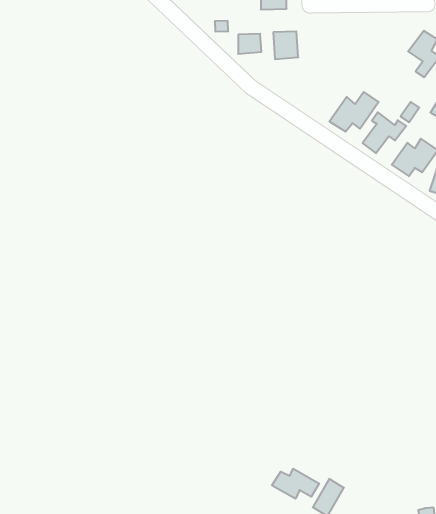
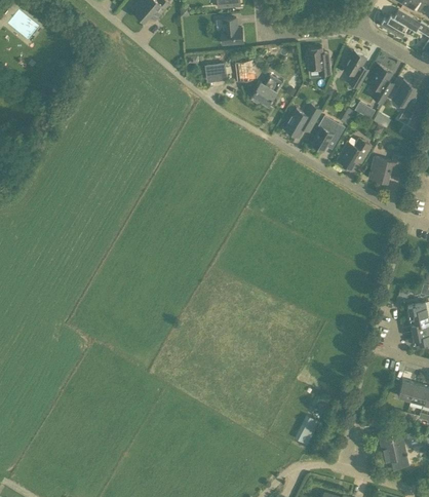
building: none -> [306,47,330,75]
building: none -> [251,74,282,105]
building: [272,469,319,499] -> none

